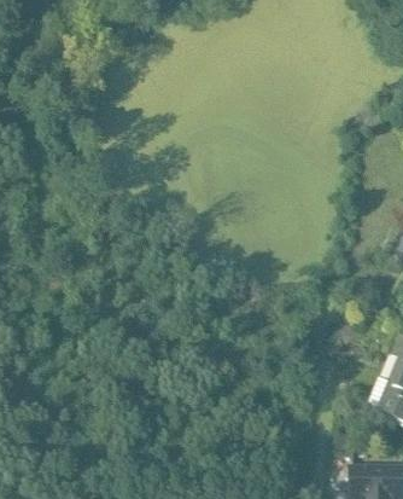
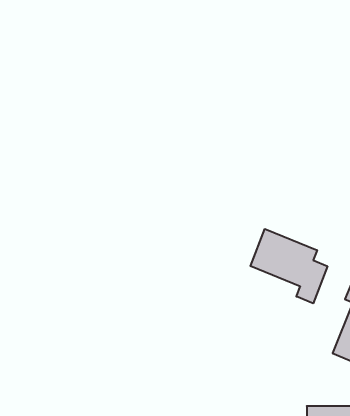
building: none -> [250,229,327,303]

